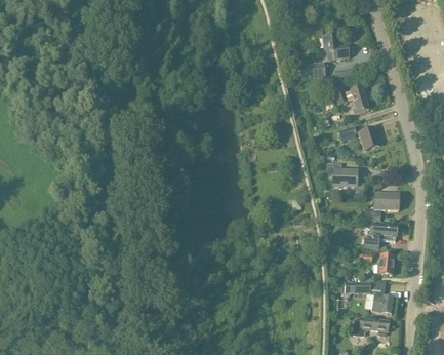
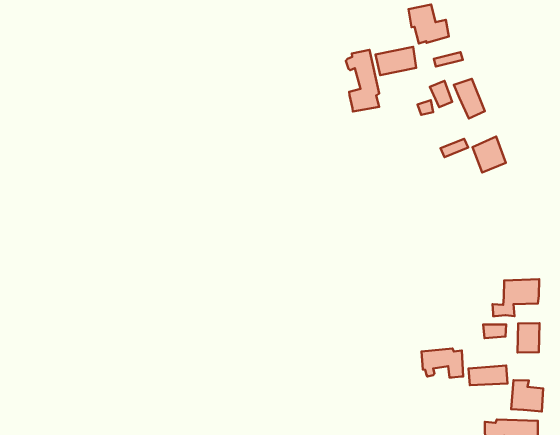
building: none -> [346,50,379,111]
building: [326,163,357,187] -> none
building: [360,193,399,221] -> none
building: none -> [421,348,463,378]

